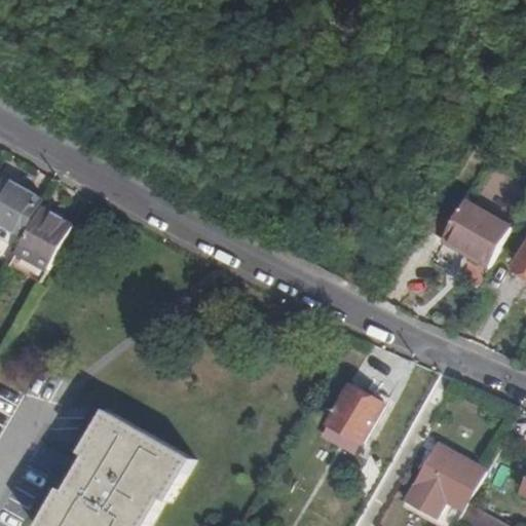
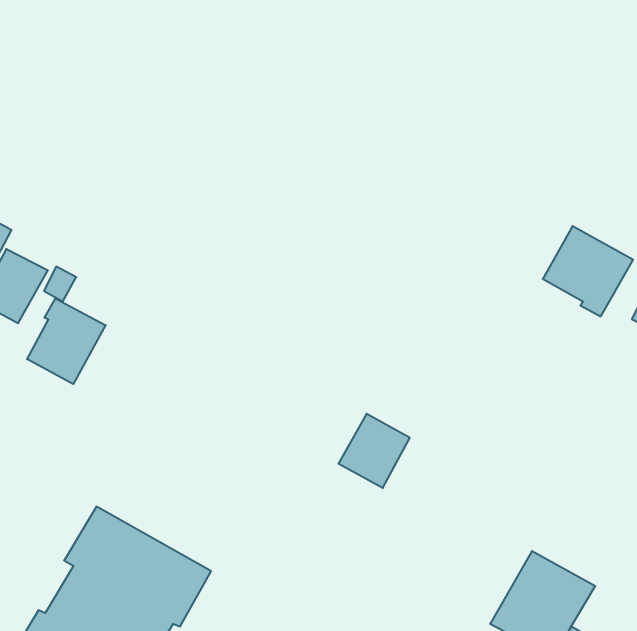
building: none -> [27,298,106,384]
building: [325,385,379,442] -> [338,414,410,488]

